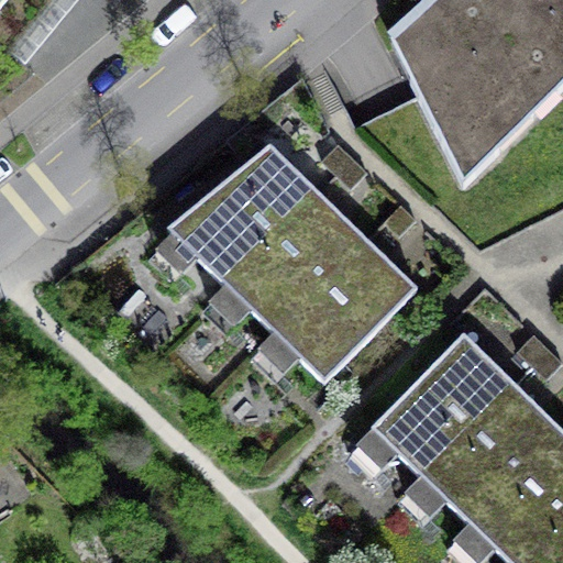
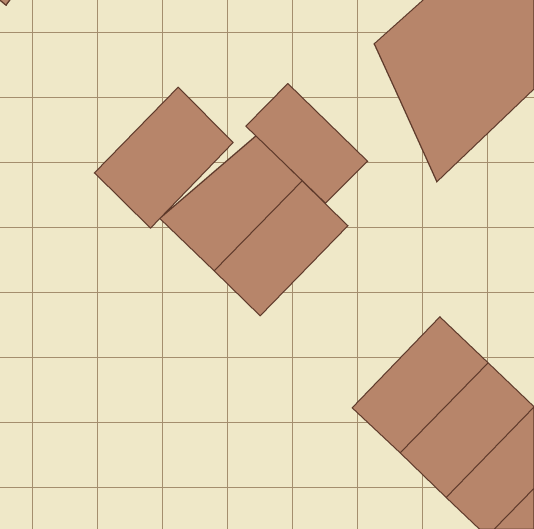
building: none -> [246,84,368,203]
building: none -> [94,87,233,228]
building: [274,238,417,380] -> none

